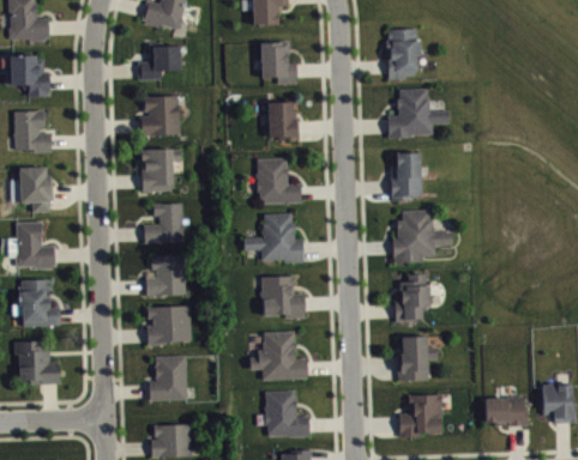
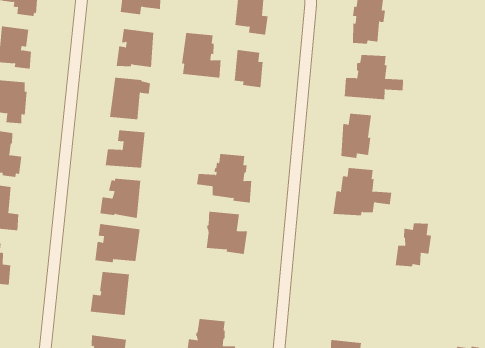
building: [257,158,300,204] -> [181,33,221,78]
building: [395,273,429,322] -> [395,223,432,267]
building: [249,331,307,380] -> none
building: [397,335,438,380] -> none

